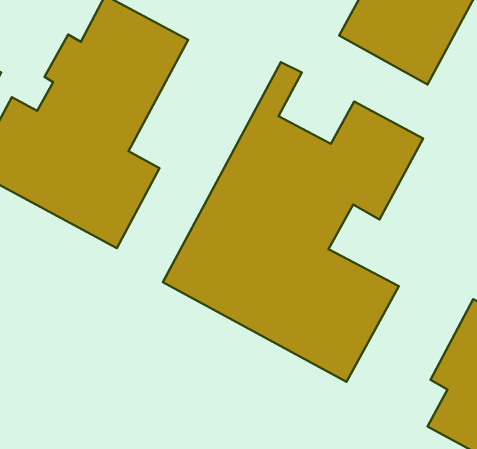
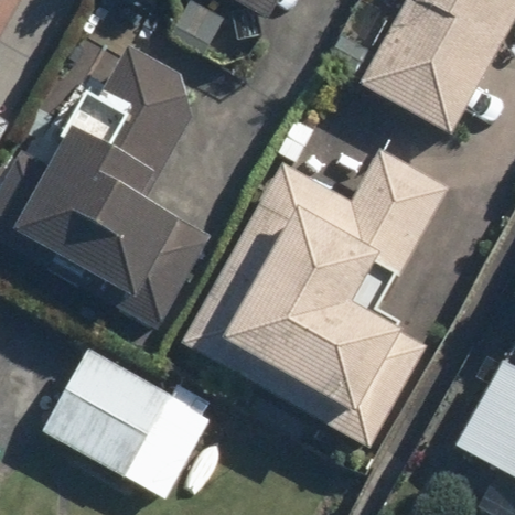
building: none -> [42,345,214,501]

